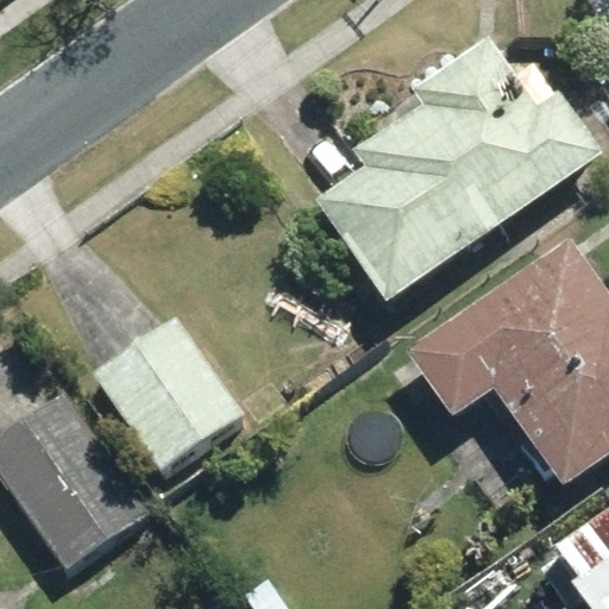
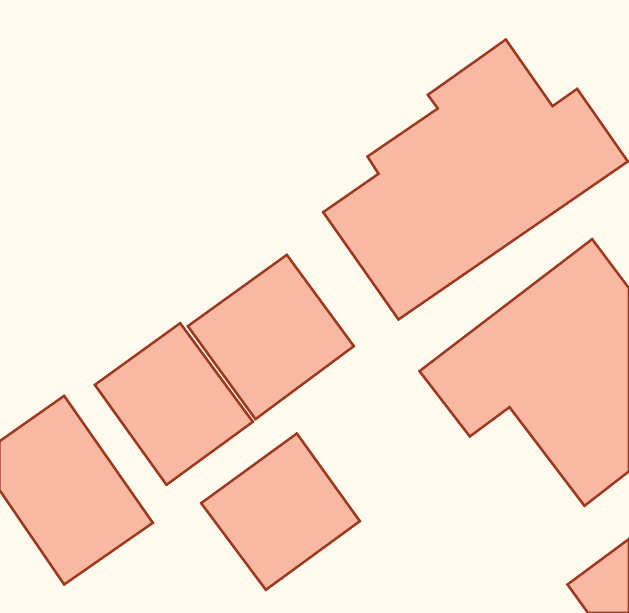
building: none -> [188,255,354,419]
building: none -> [201,434,360,590]

